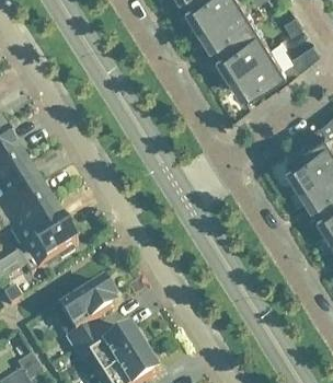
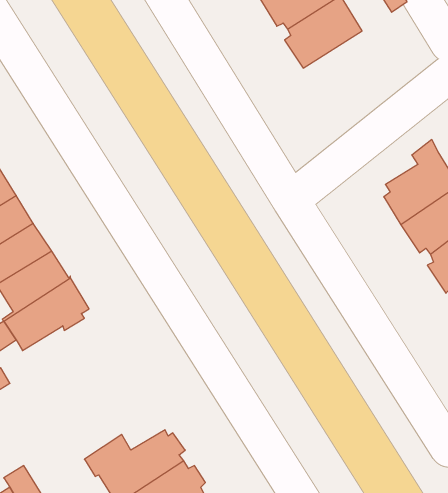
building: [228,42,319,94] -> none
building: [51,281,117,348] -> none

